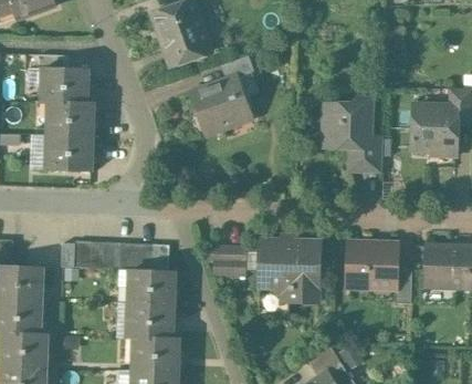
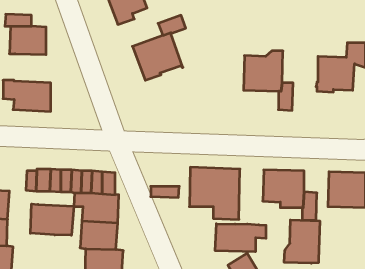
building: [48,102,93,137] -> none
building: [206,245,247,262] -> none
building: none -> [30,204,74,235]
building: none -> [284,220,320,263]
building: none -> [215,224,266,252]

